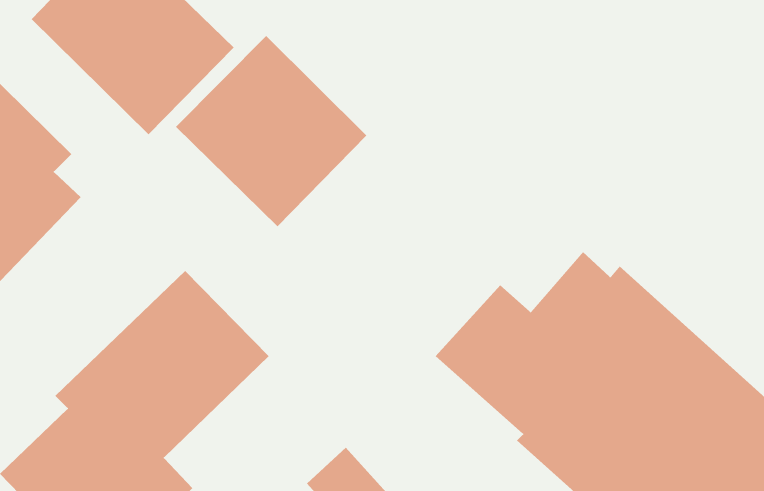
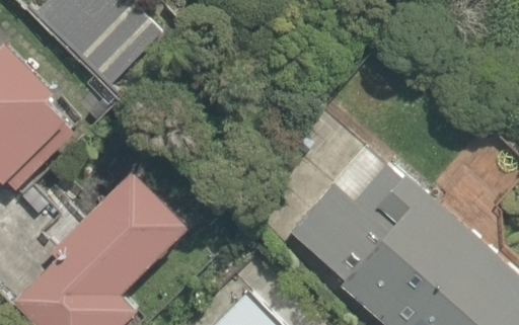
building: [175,35,367,227] -> none

